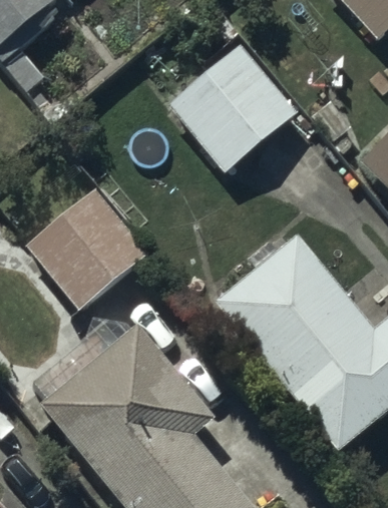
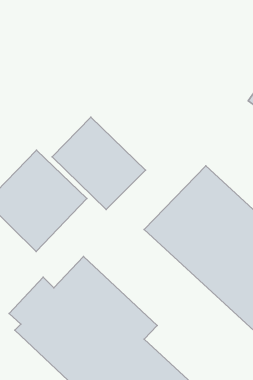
building: [168,45,297,172] -> none
building: none -> [52,117,146,210]

